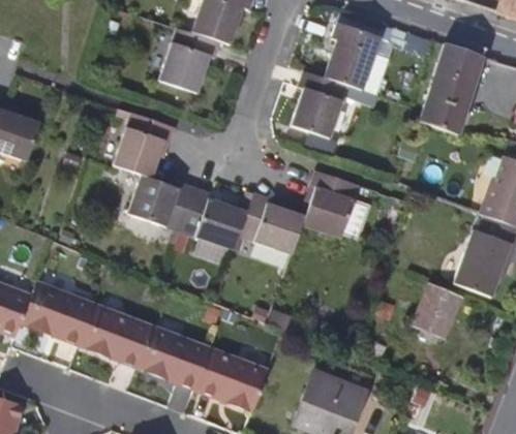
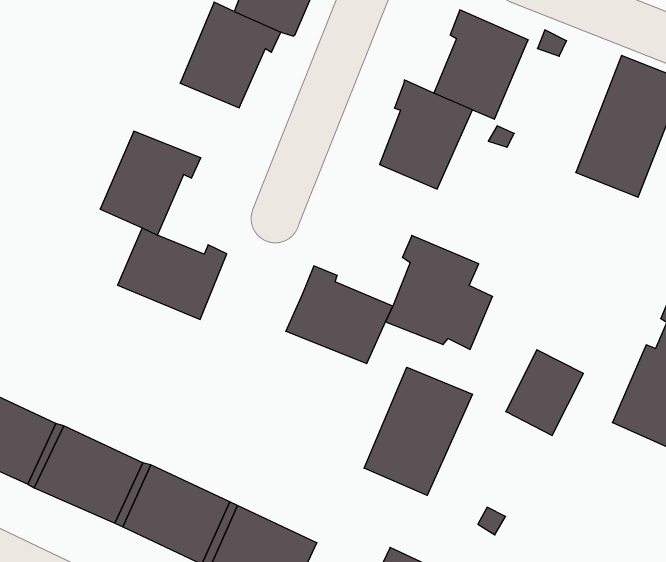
building: [182,187,247,248] -> none
building: none -> [364,367,472,495]
building: [413,283,461,338] -> [506,350,583,435]

